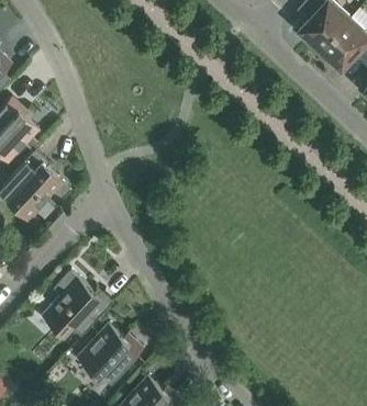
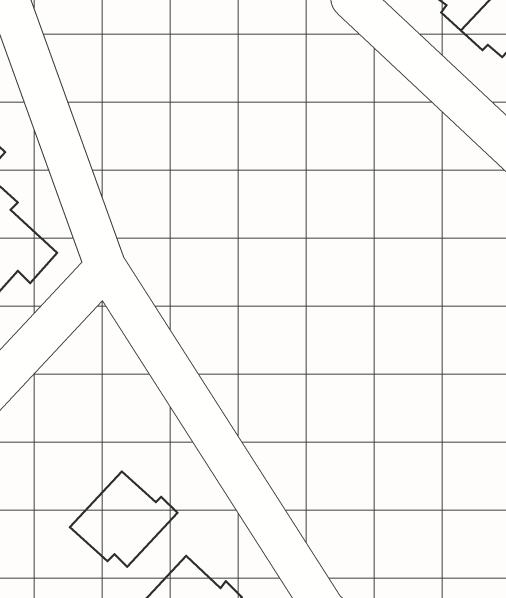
building: [42,270,113,337] -> none

